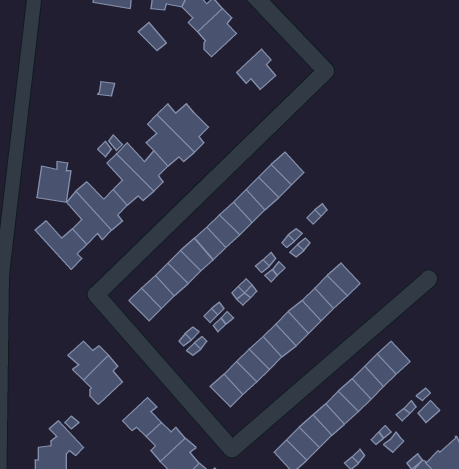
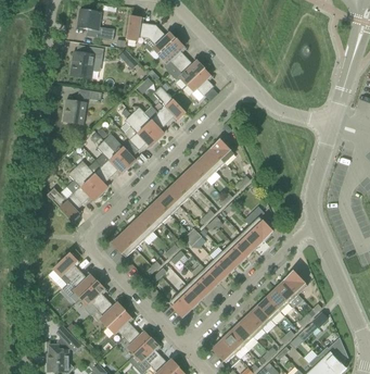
building: none -> [68,48,102,79]
building: none -> [168,58,203,85]
building: none -> [152,87,184,123]
building: [37,162,71,202] -> [62,97,86,125]
building: none -> [47,253,79,282]
building: none -> [90,300,124,327]

